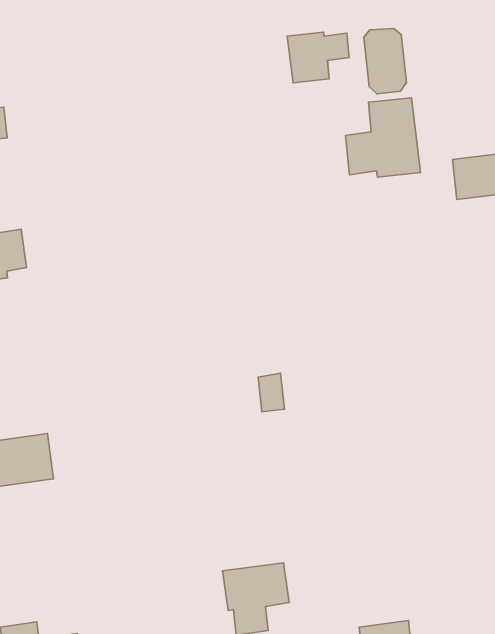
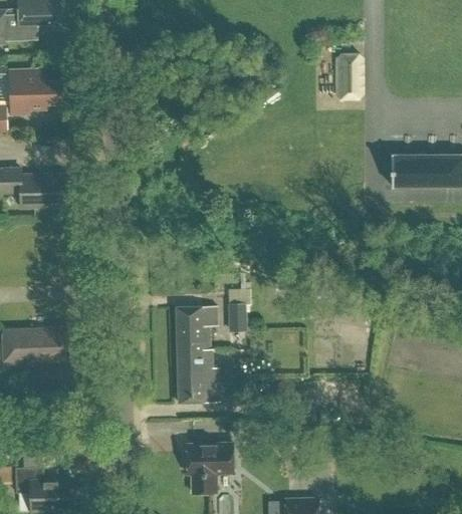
building: [287,32,349,83] -> none
building: [346,98,420,177] -> none
building: none -> [175,306,218,403]

